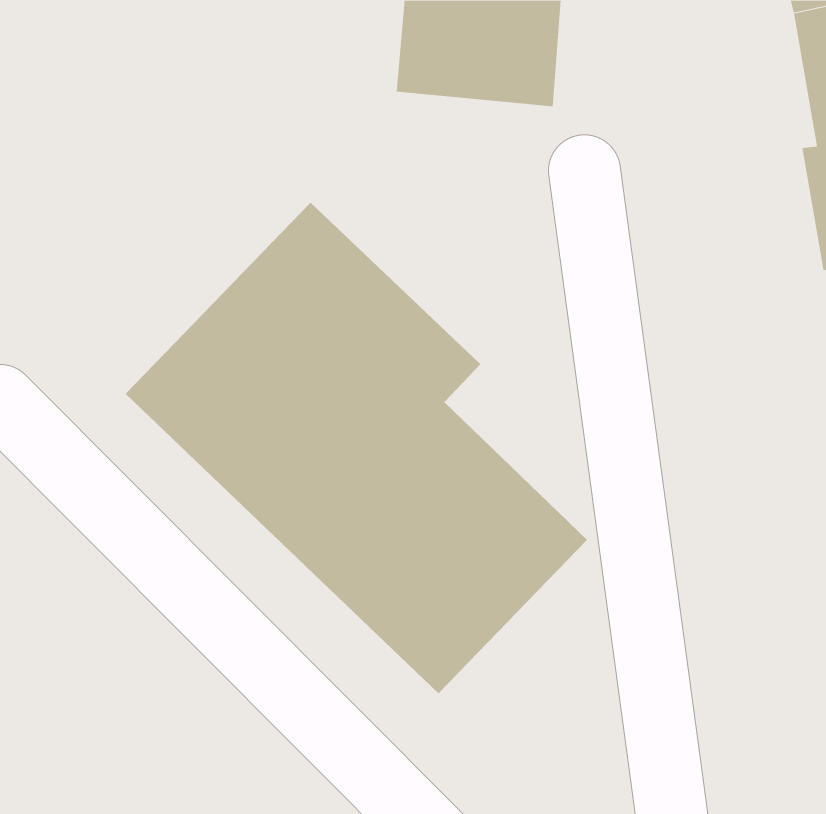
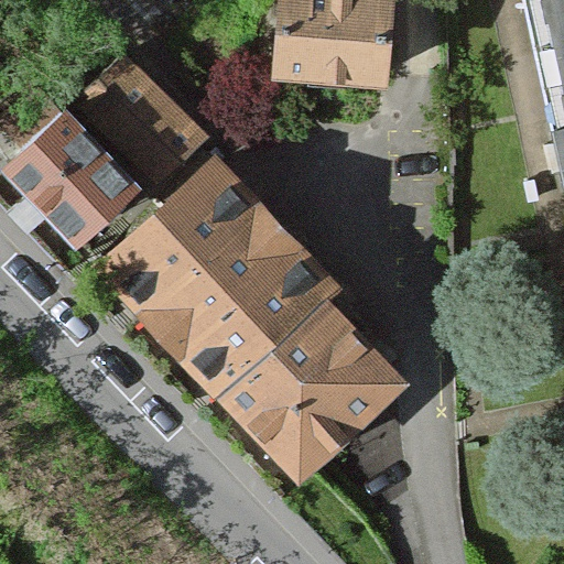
building: none -> [14,53,206,246]

